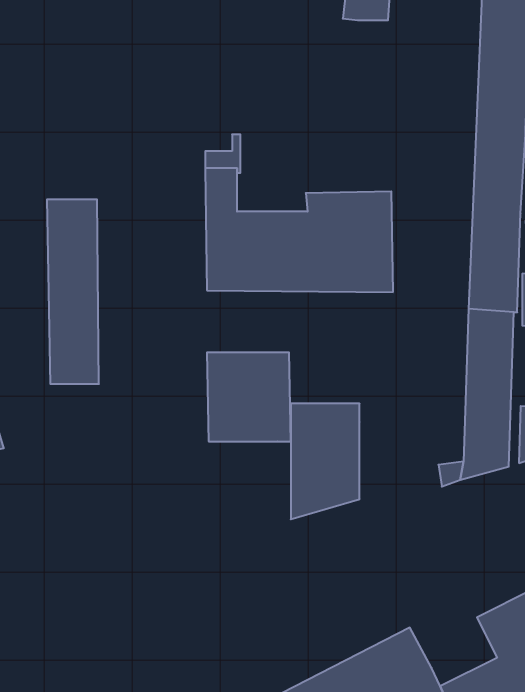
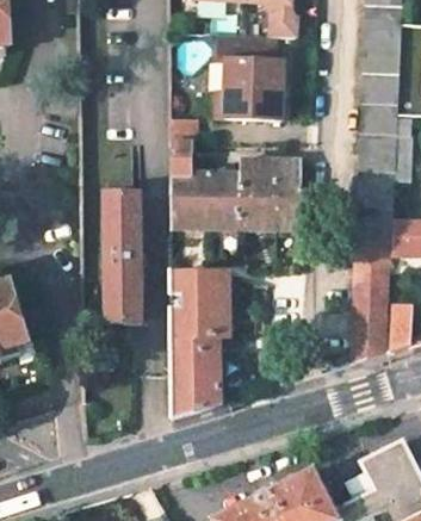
building: none -> [218,35,286,120]
building: [47,199,99,384] -> [104,194,141,325]
building: [291,404,360,519] -> [171,336,219,418]

